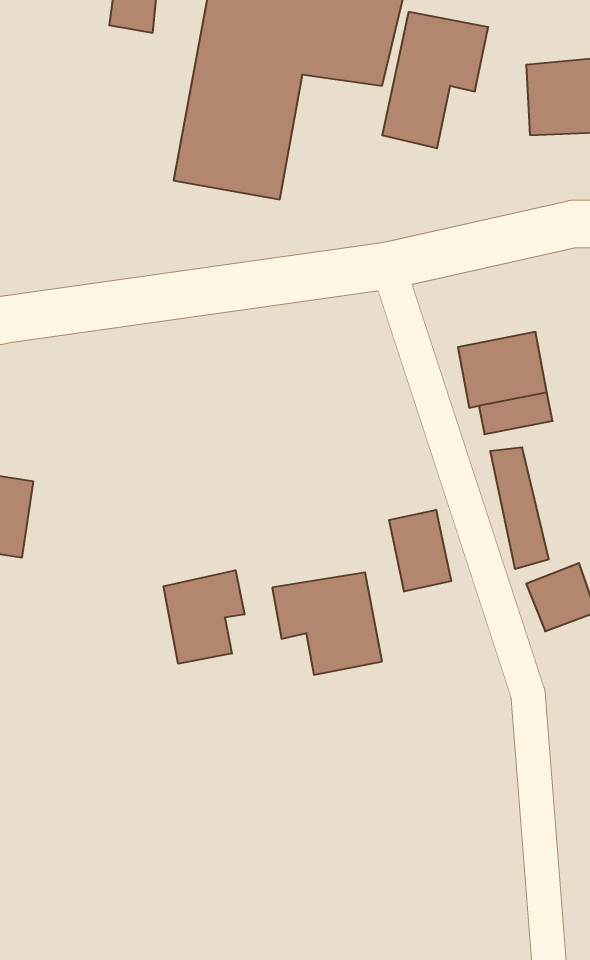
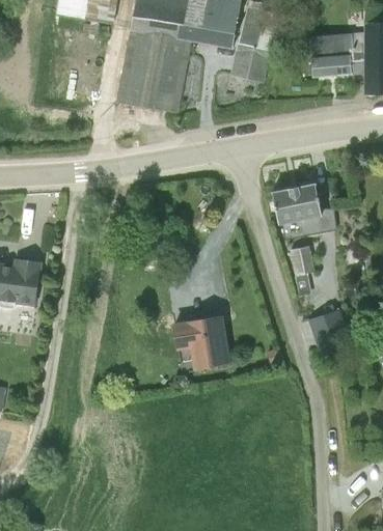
building: [389,510,451,592] -> none
building: [163,570,244,664] -> none

